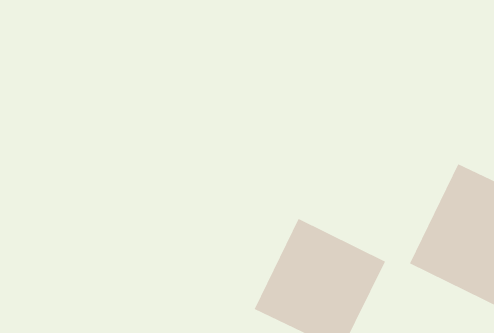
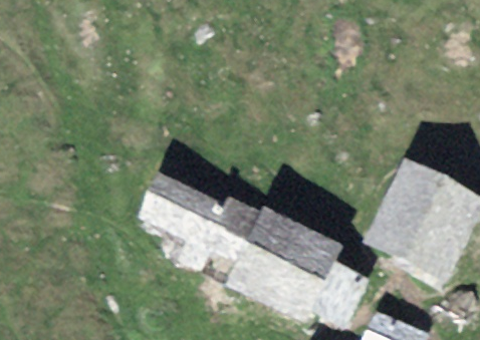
building: none -> [135,166,253,261]

